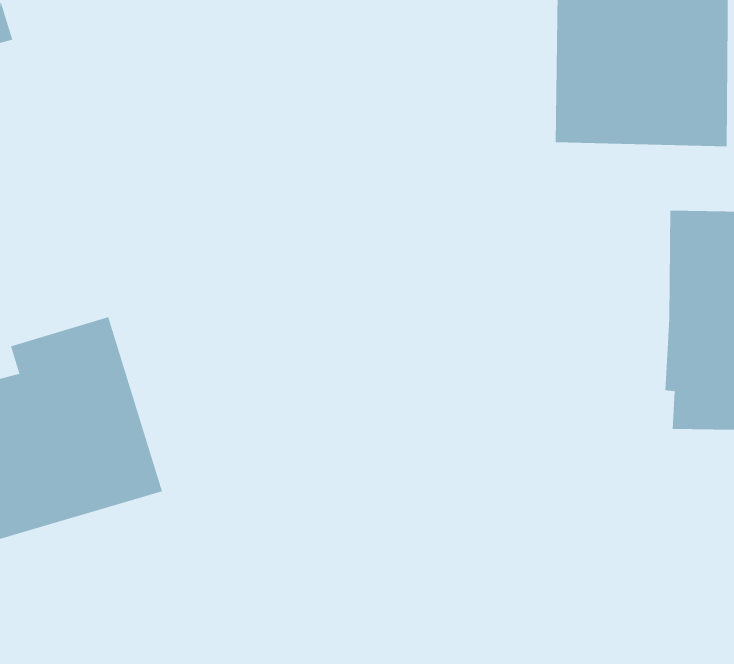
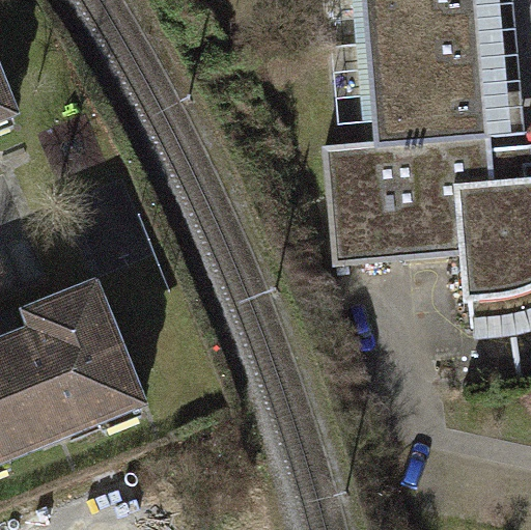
building: none -> [327,133,495,260]

